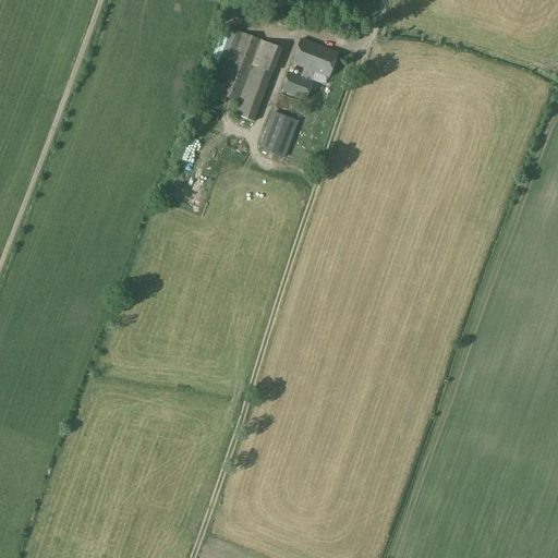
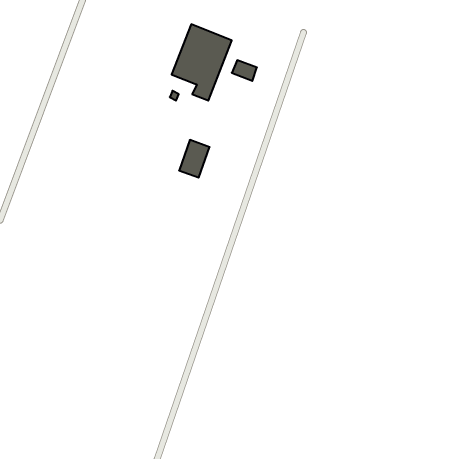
building: [292,39,339,77] -> none
building: [260,111,298,157] -> [179,140,210,178]

